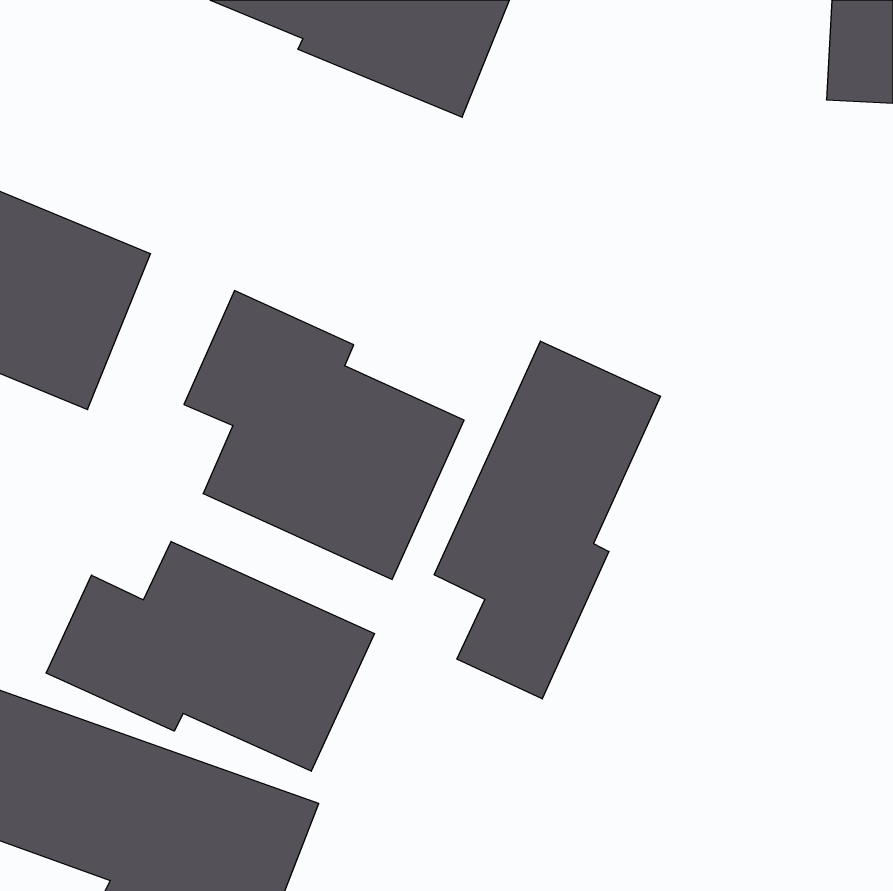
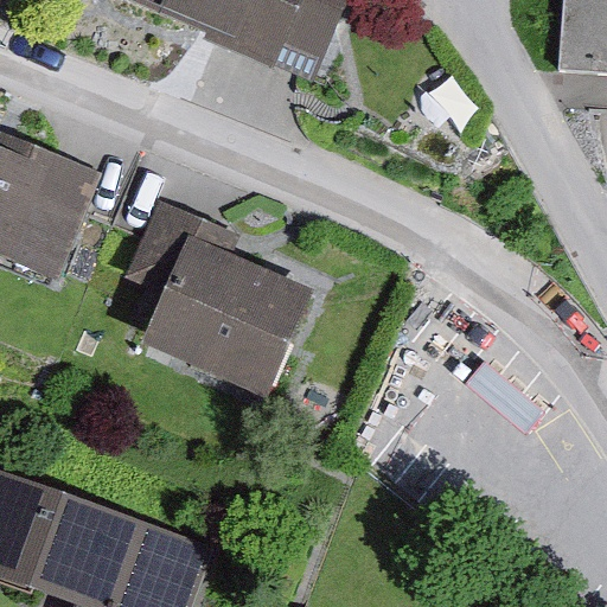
building: [434,341,660,699] -> none
building: [46,541,374,771] -> none

